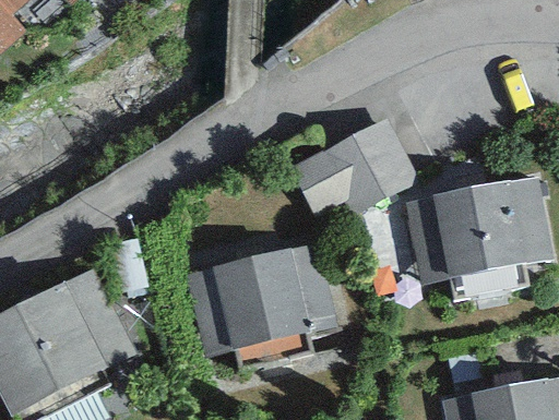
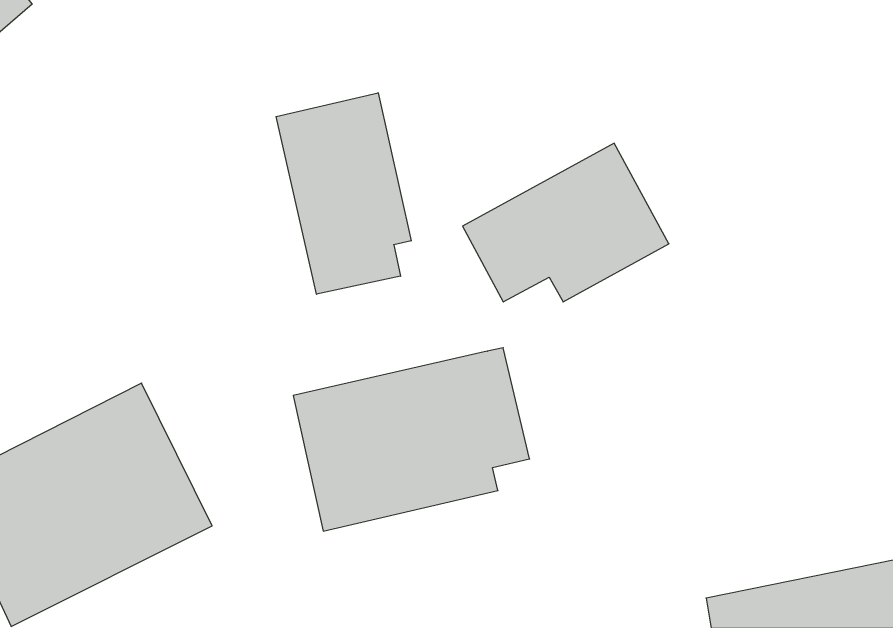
building: none -> [276,93,411,294]
building: [404,177,551,283] -> none

